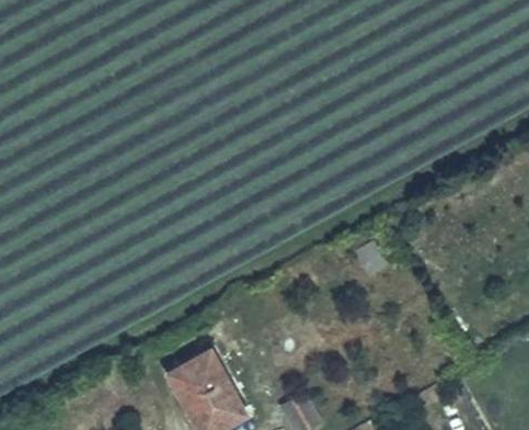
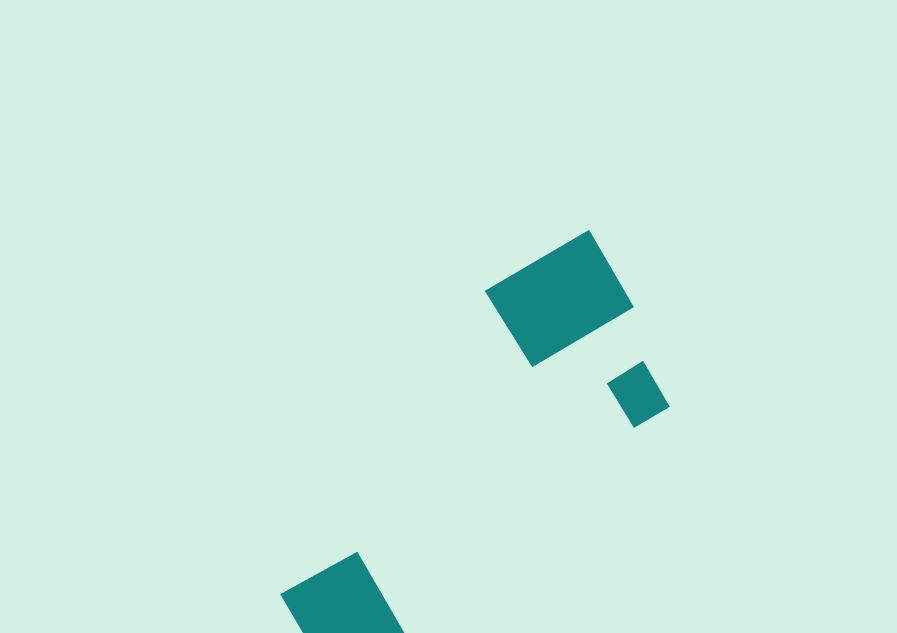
building: none -> [484,229,635,368]

